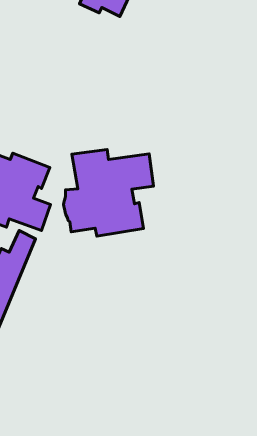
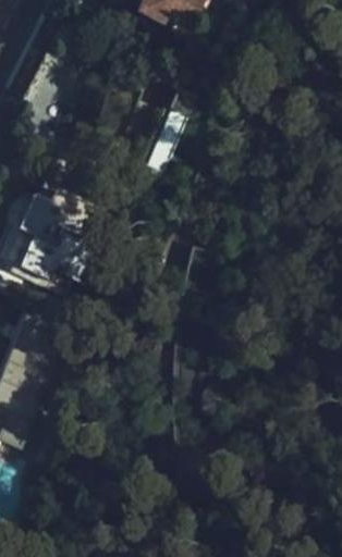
building: [64,149,154,236] -> none

